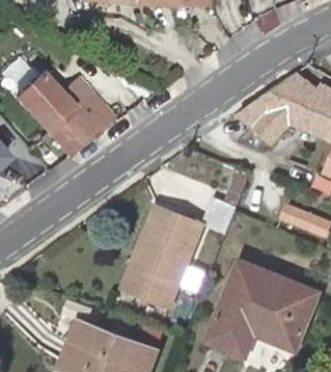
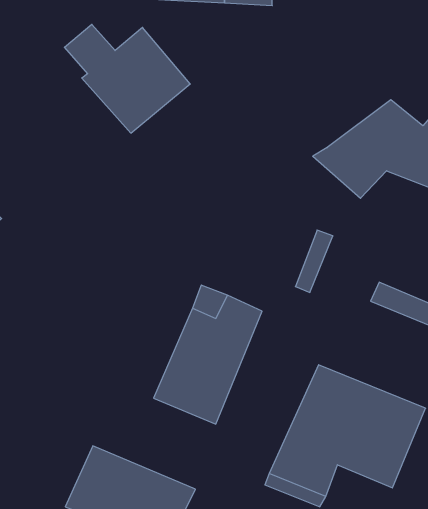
building: [23,76,113,154] -> [64,24,190,133]

